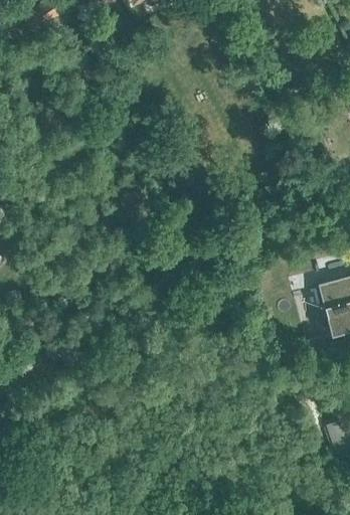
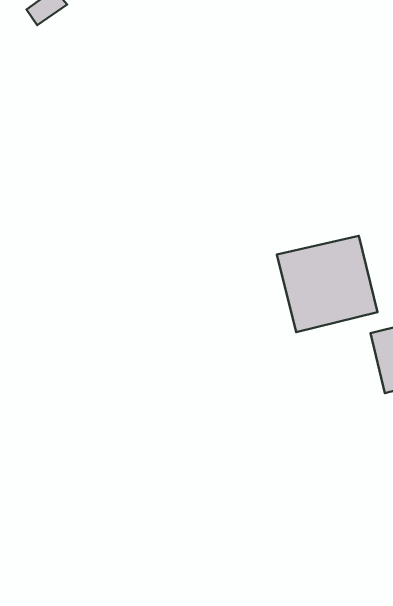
building: none -> [277,236,378,332]

